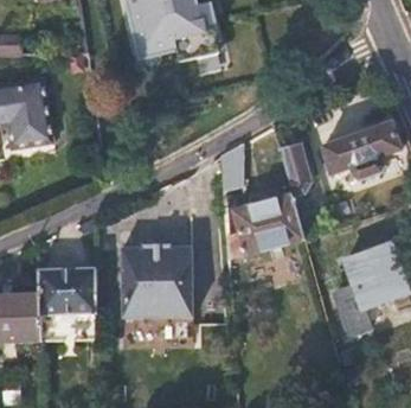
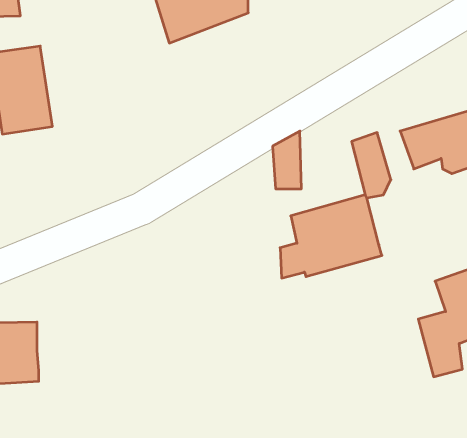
building: [122,244,193,318] -> none
building: [38,264,96,313] -> none

